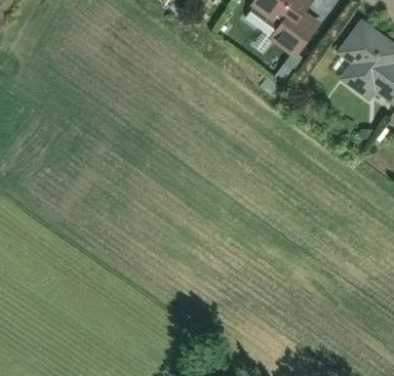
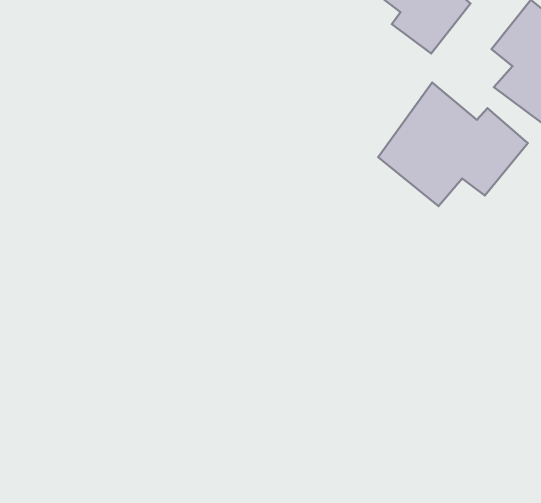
building: none -> [378,82,528,206]

